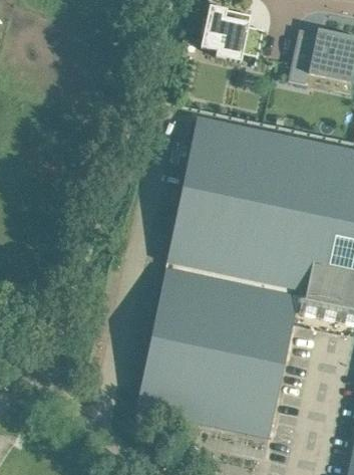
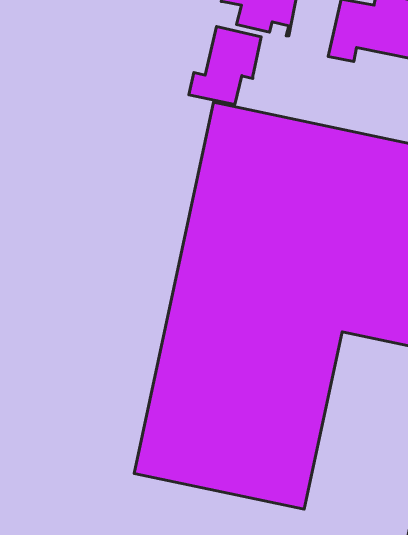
building: none -> [189,26,261,104]

